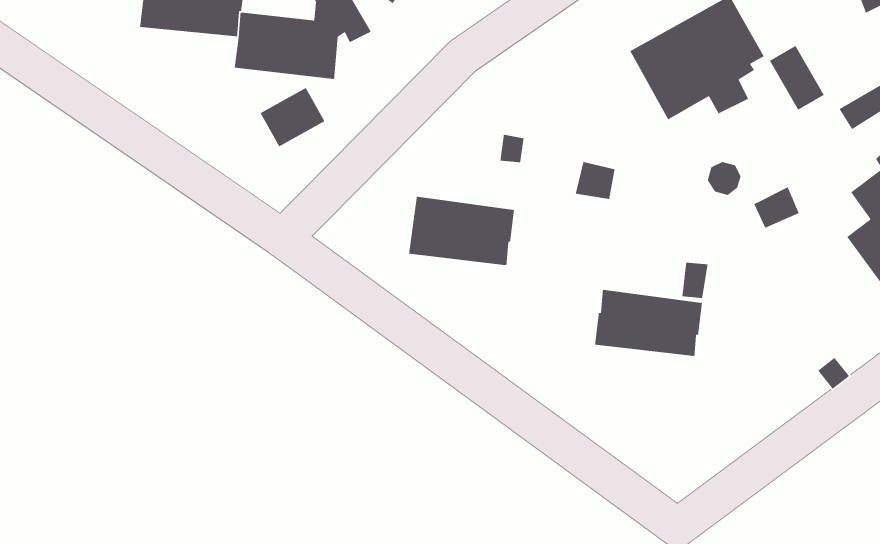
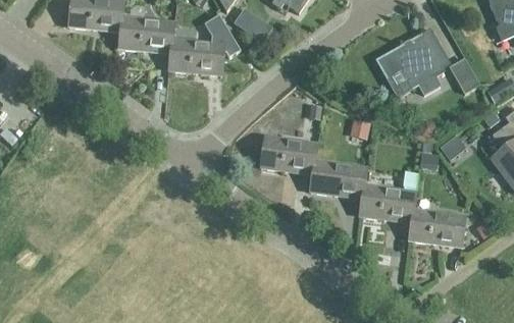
building: [259,87,326,148] -> none
building: none -> [309,161,365,198]
building: none -> [408,210,465,247]

